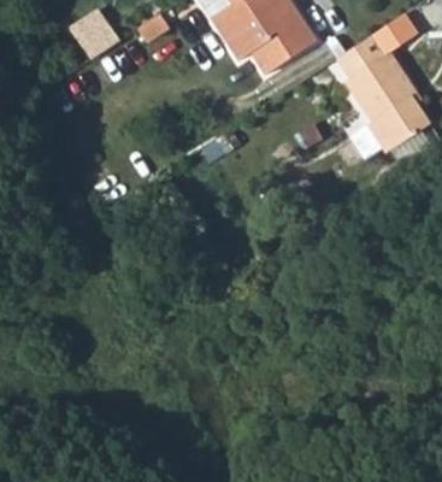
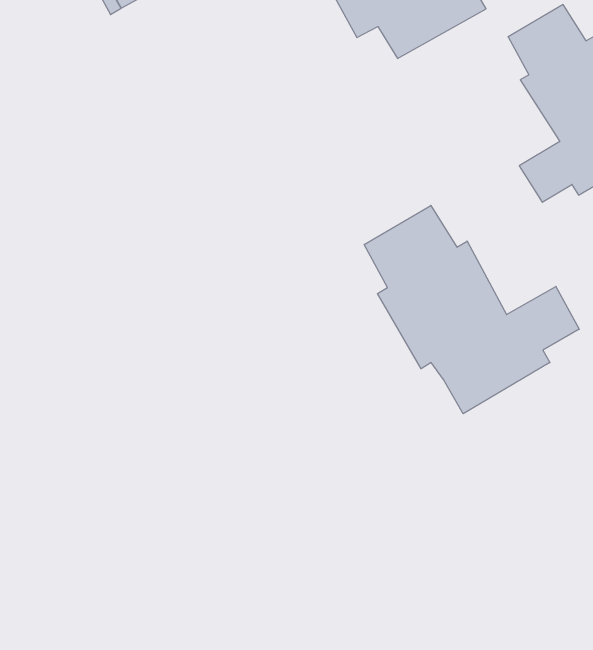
building: none -> [364,205,579,414]

